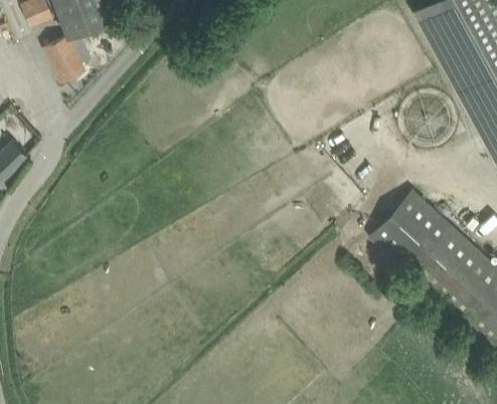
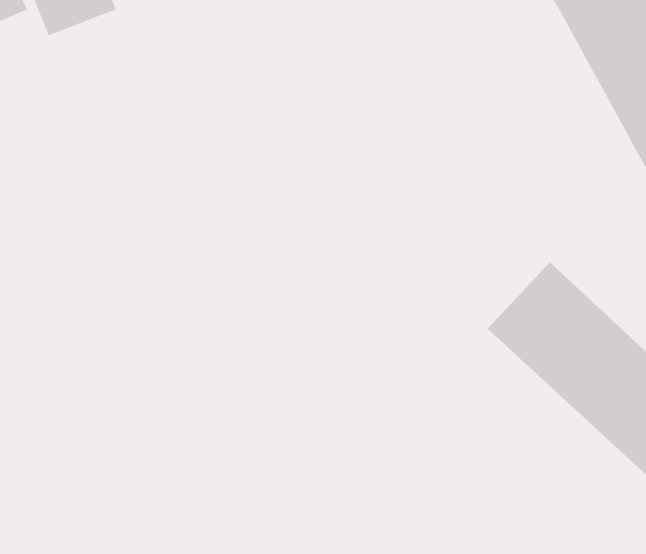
building: [44,33,86,80] -> none

